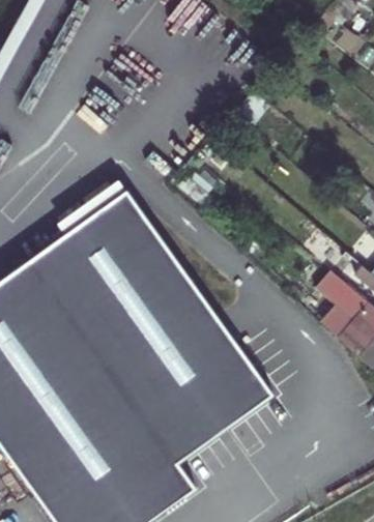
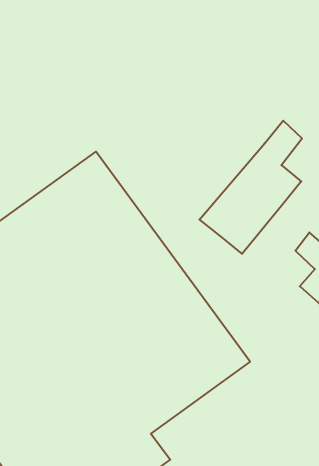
building: none -> [199,121,302,254]

